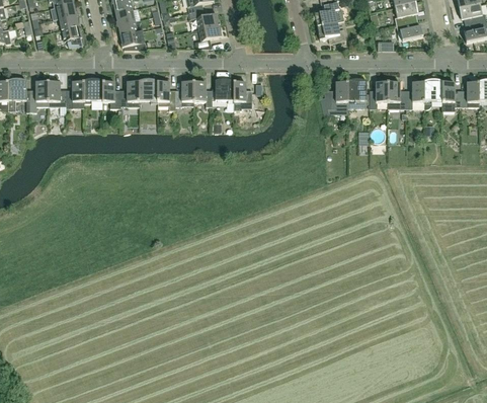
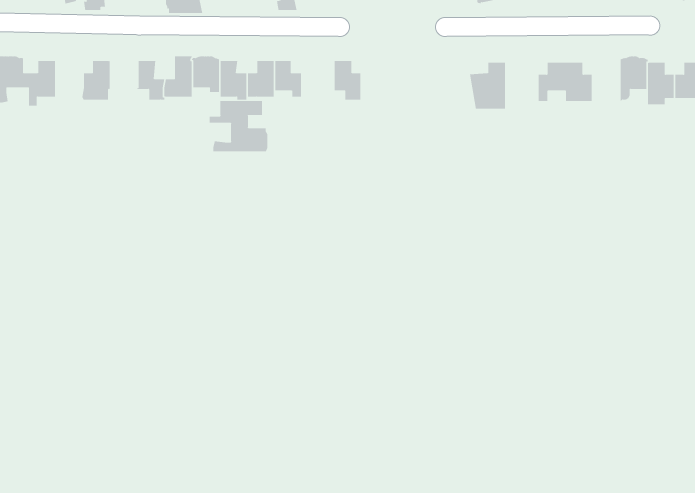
building: [84,77,103,101] -> none
building: [216,77,234,101] -> none
building: [348,77,367,106] -> none
building: [49,80,67,104] -> none
building: [406,81,424,107] -> none
building: none -> [209,100,268,152]

